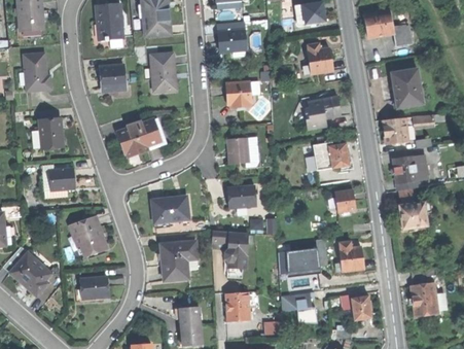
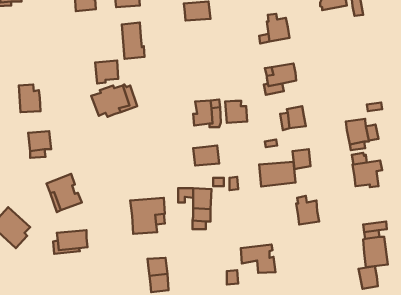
building: [25,53,51,90] -> none
building: [101,63,126,88] -> [95,61,118,83]
building: [391,68,423,108] -> none
building: [225,80,251,106] -> none
building: [384,117,407,143] -> none
building: none -> [225,101,247,123]
building: [152,196,190,221] -> none
building: [278,248,317,275] -> [259,162,296,186]
building: [225,291,249,320] -> none
building: [352,294,372,319] -> [359,266,378,289]

